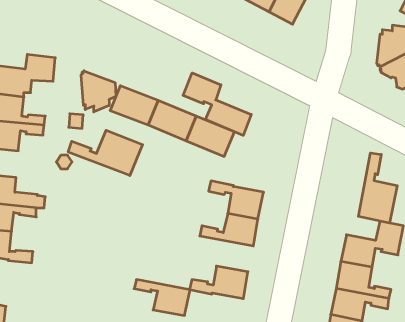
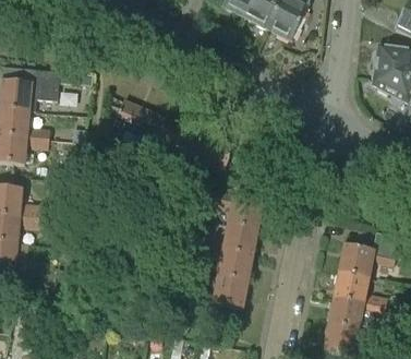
building: [81,71,116,112] -> none
building: [183,73,251,135] -> none
building: [68,130,143,176] -> none
building: [358,153,397,223] -> none
building: [134,280,190,315] -> [198,246,253,280]

